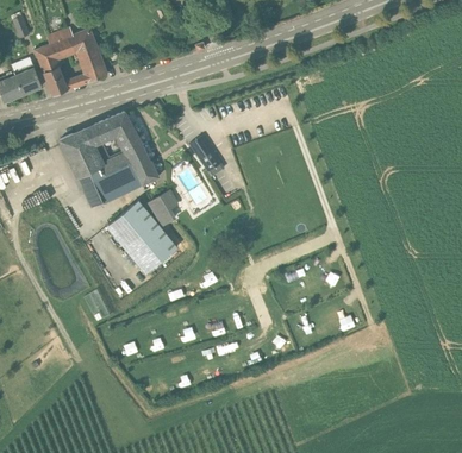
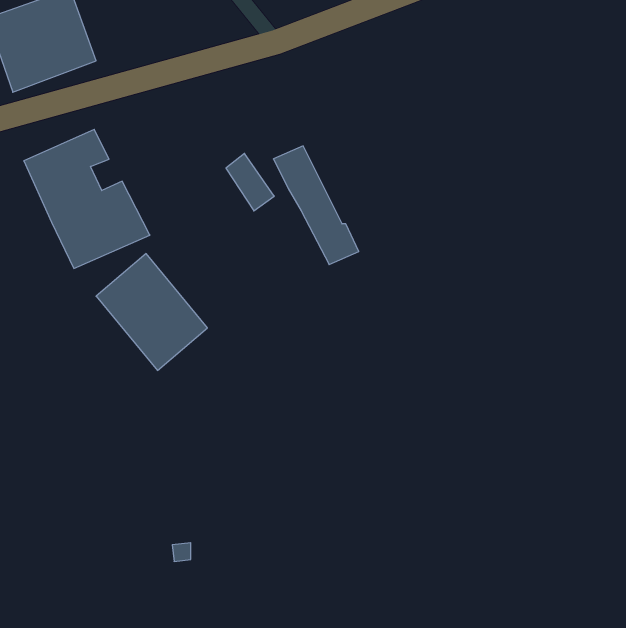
building: [105,111,160,187] -> [273,146,359,265]
building: [148,190,179,226] -> none

